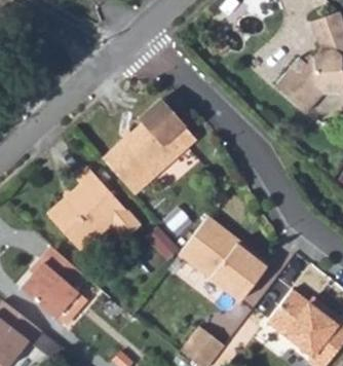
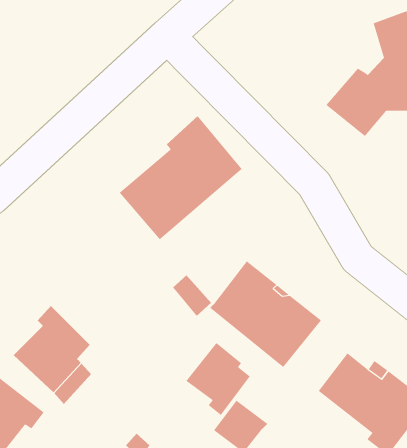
building: [44,164,137,250] -> none
building: none -> [185,342,250,416]

